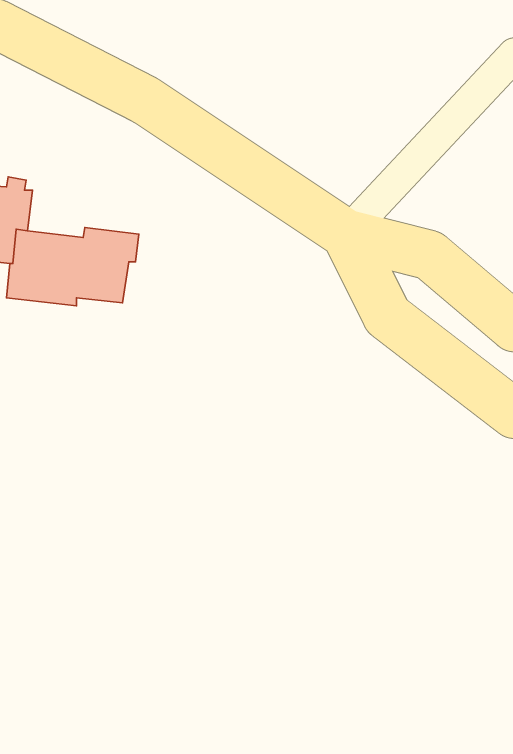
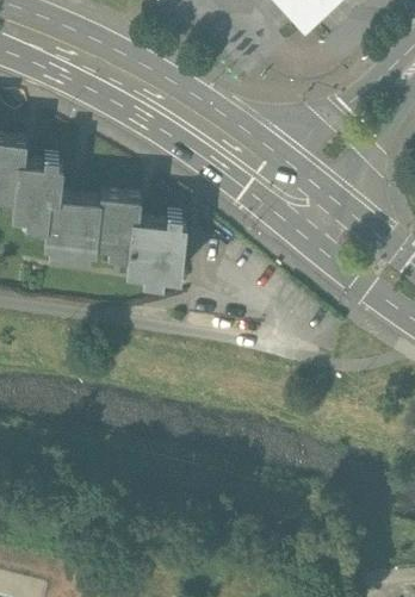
building: none -> [125,214,185,286]

